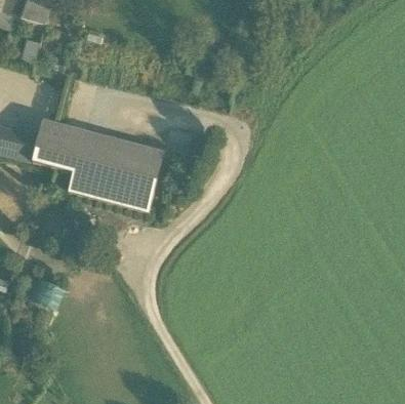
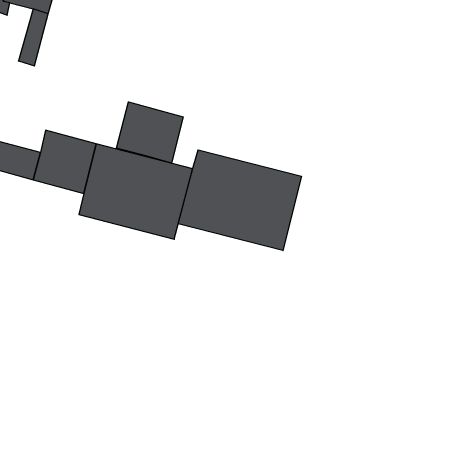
building: none -> [117,102,183,163]
building: none -> [178,150,301,251]

